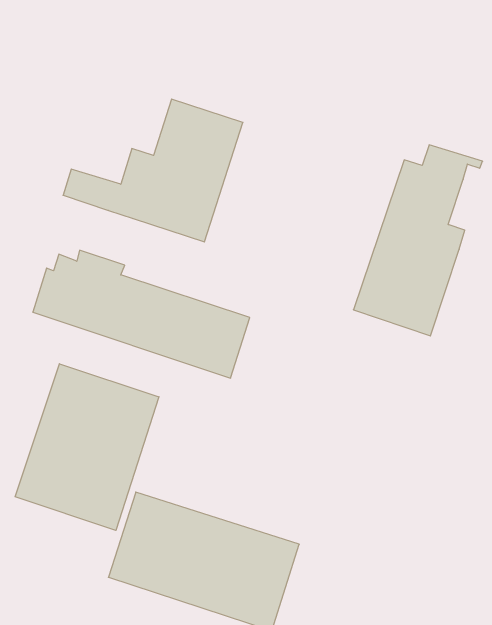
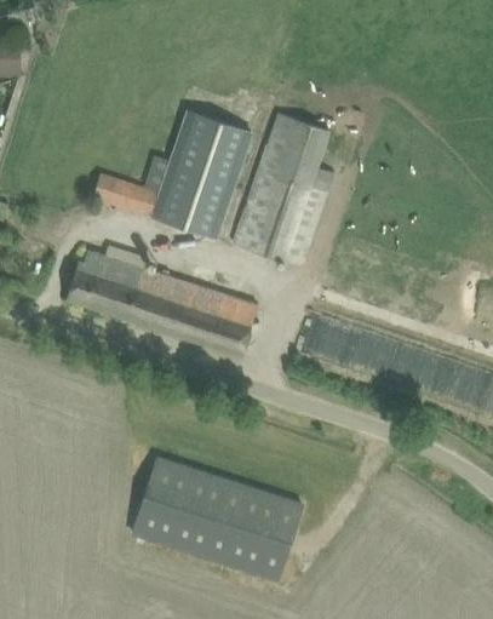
building: [353,145,483,336] -> [234,98,348,266]
building: [15,364,159,530] -> none

